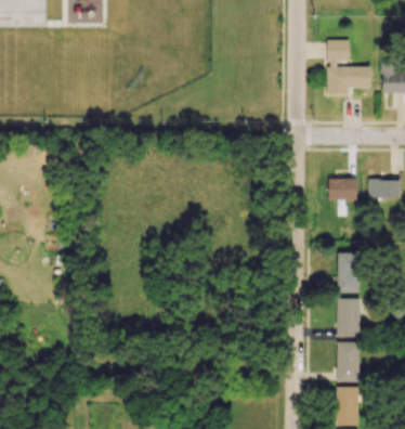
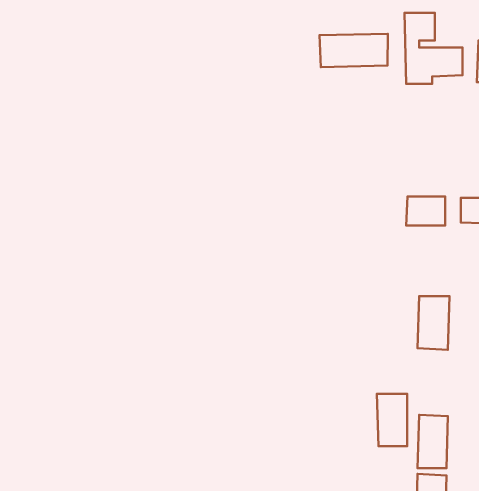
building: none -> [319,34,388,67]
building: [337,298,360,337] -> [377,394,407,446]

